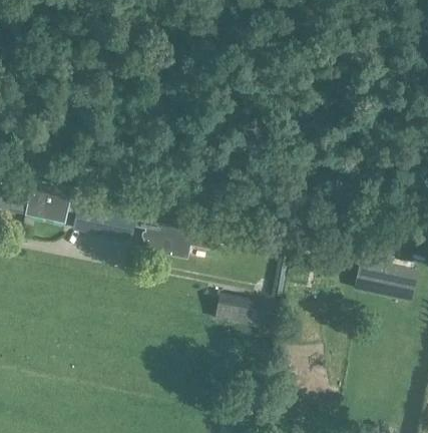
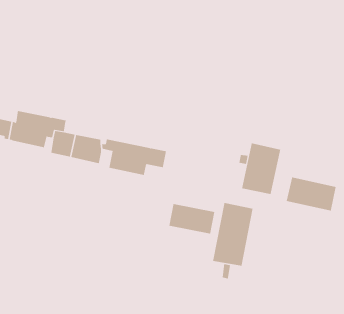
building: none -> [241,143,281,195]
building: none -> [213,202,253,267]

